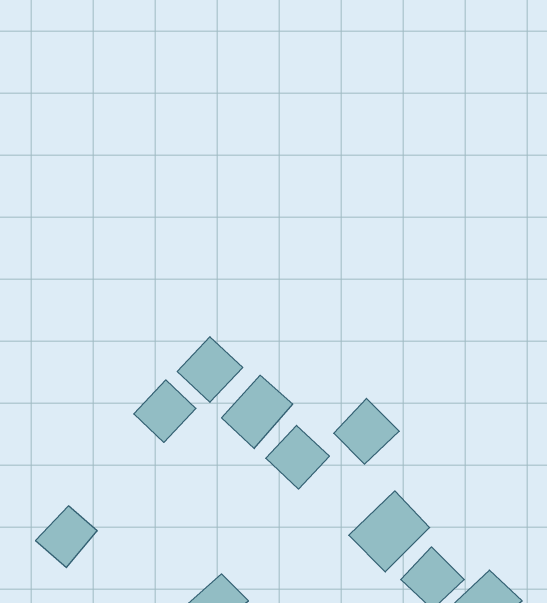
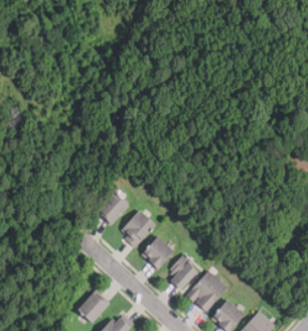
building: [134,380,196,442] -> none
building: [334,398,399,464] -> [165,254,199,289]
building: [36,506,97,568] -> [78,291,110,323]

